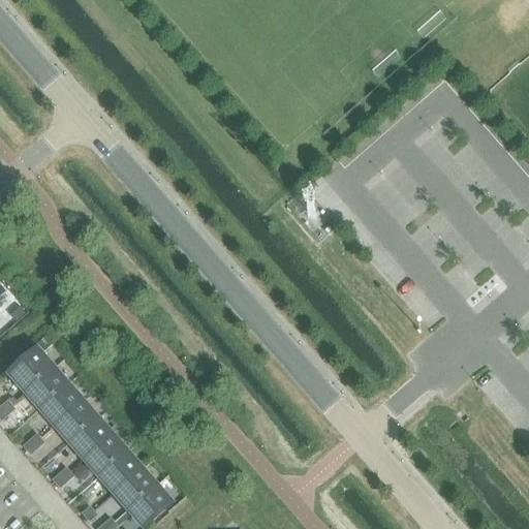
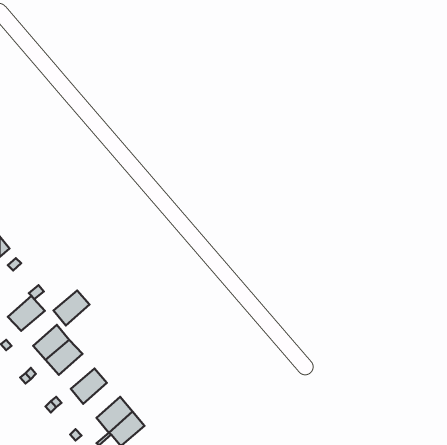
building: [25,366,67,407] -> [53,290,89,325]
building: [69,416,112,458] -> none
building: [98,450,142,492] -> none

